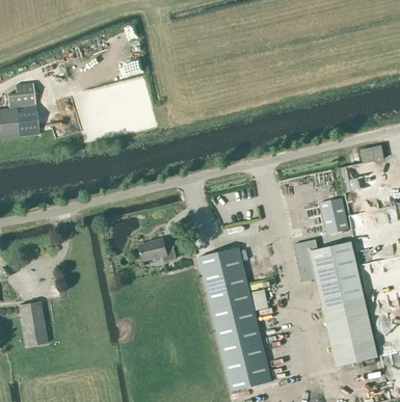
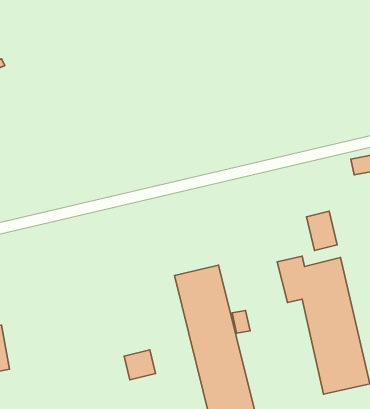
building: [139,238,176,261] -> none
building: none -> [124,350,155,380]

